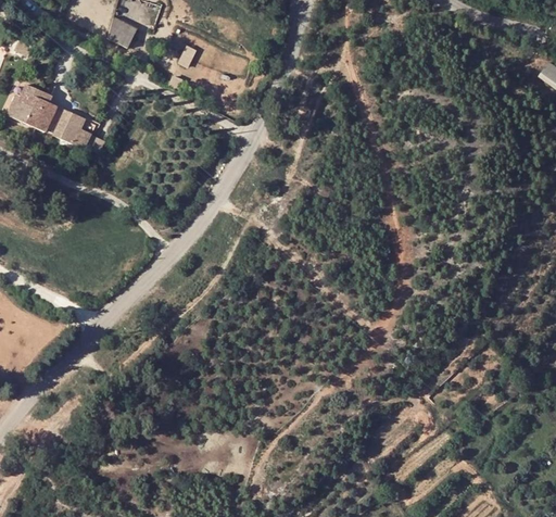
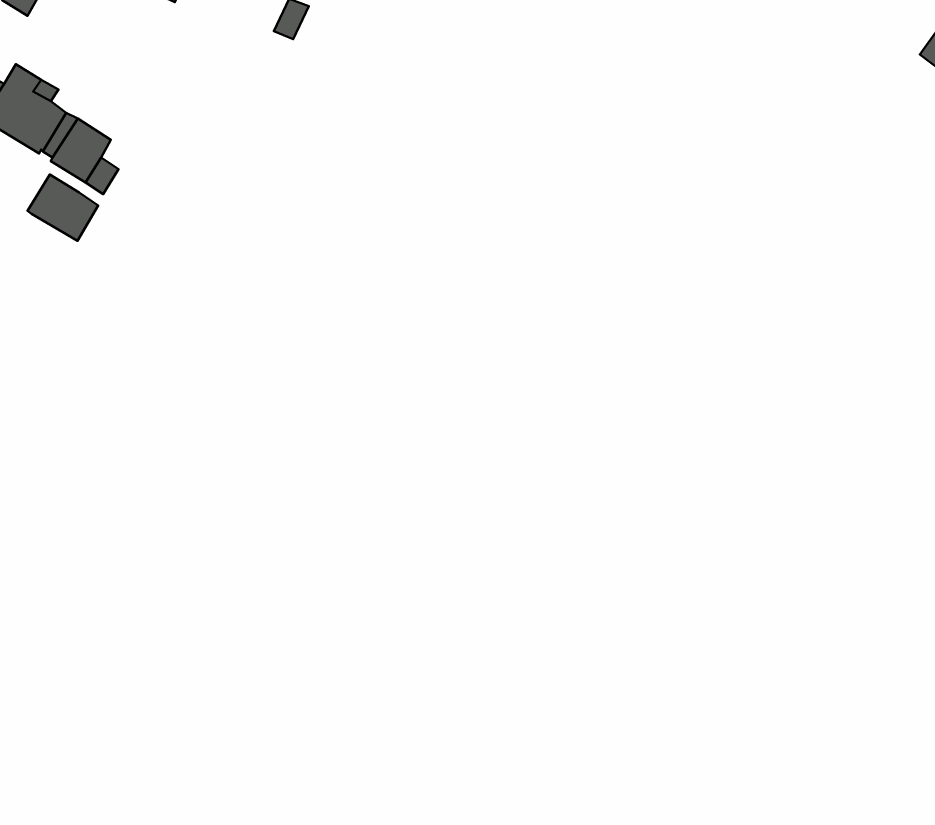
building: none -> [27,175,98,241]

